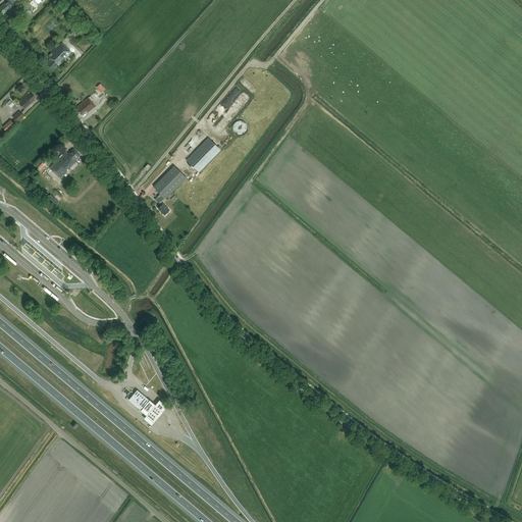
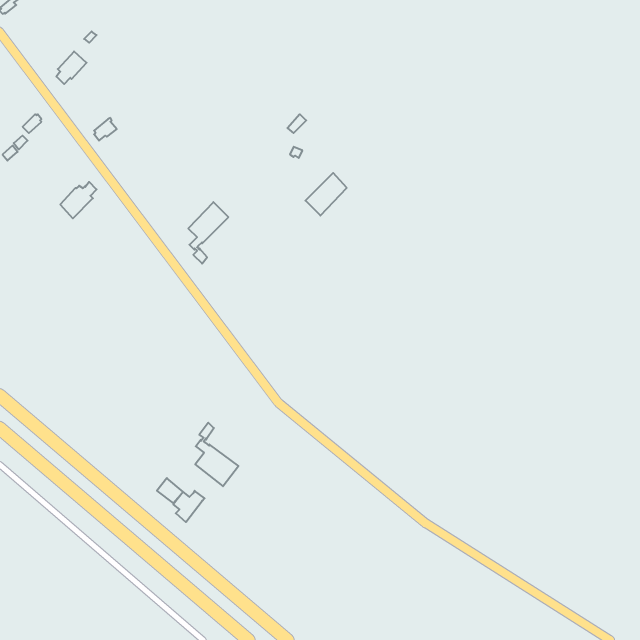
building: [186,137,219,171] -> [305,173,347,216]
building: none -> [195,423,238,486]

